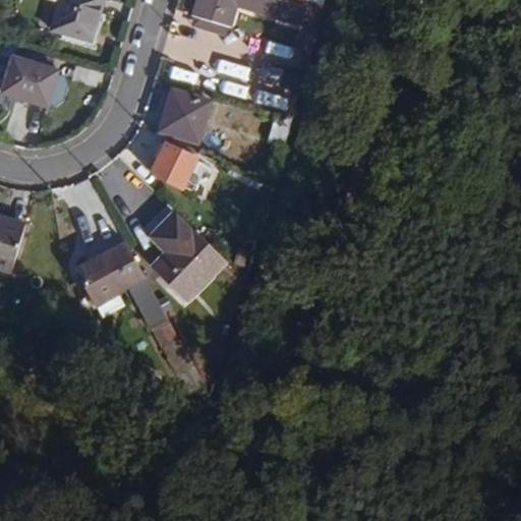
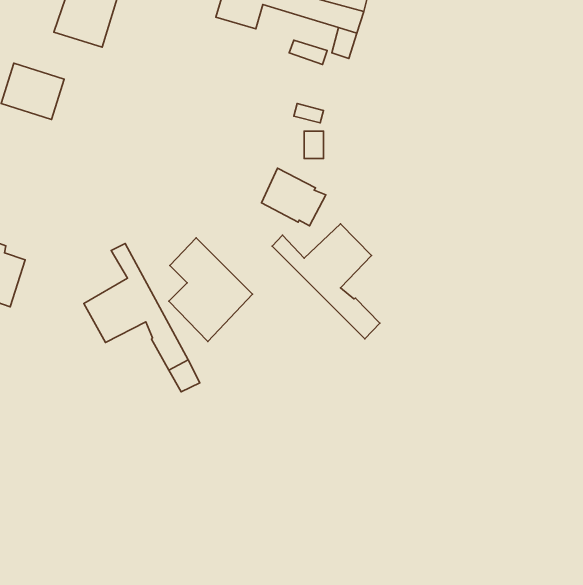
building: [160,91,208,140] -> none
building: [150,141,207,192] -> [261,168,326,226]
building: none -> [272,224,380,339]

